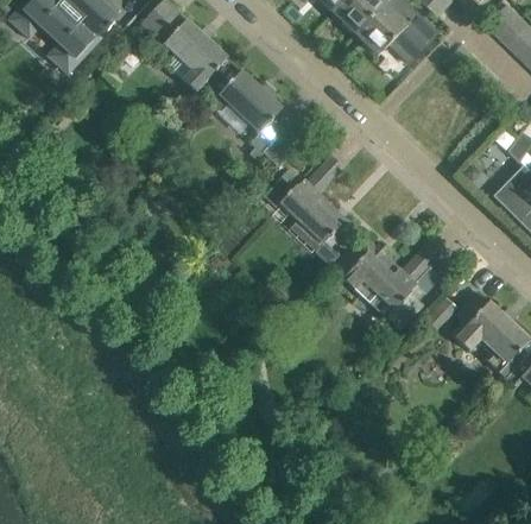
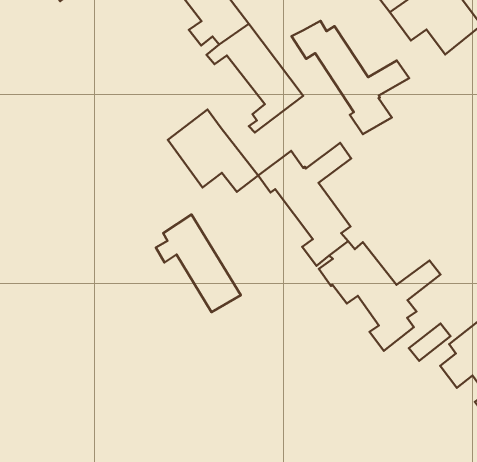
building: none -> [292,21,409,134]
building: none -> [168,110,258,192]
building: none -> [156,214,241,312]

